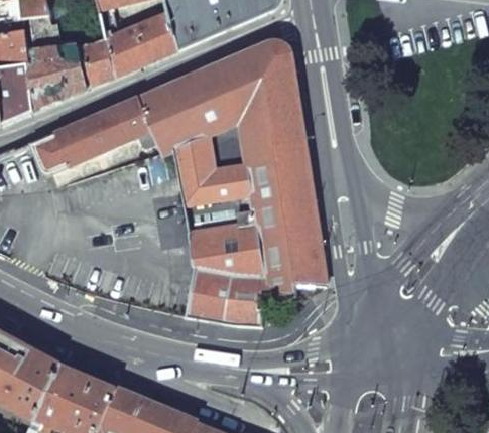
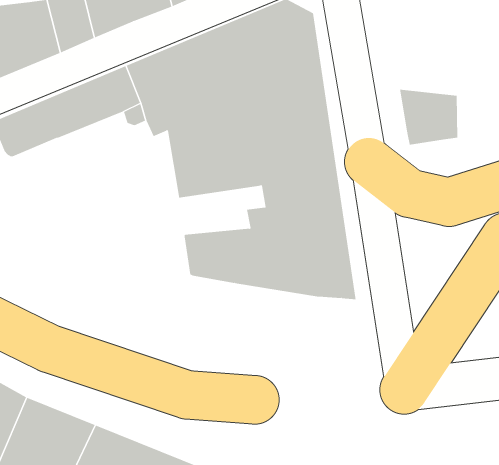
building: none -> [400,89,458,145]
building: [182,192,252,232] -> none
building: [185,265,295,324] -> none

